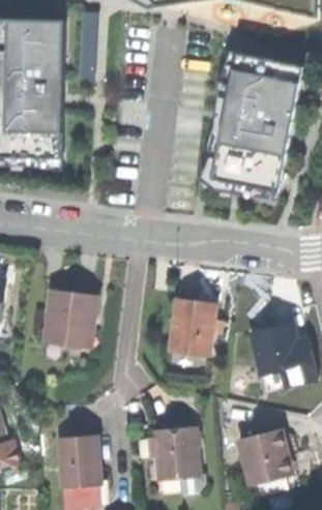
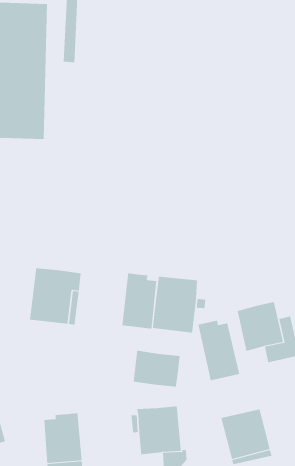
building: [210,52,301,190] -> none
building: none -> [122,273,157,329]
building: none -> [198,320,240,381]
building: none -> [133,350,180,388]

